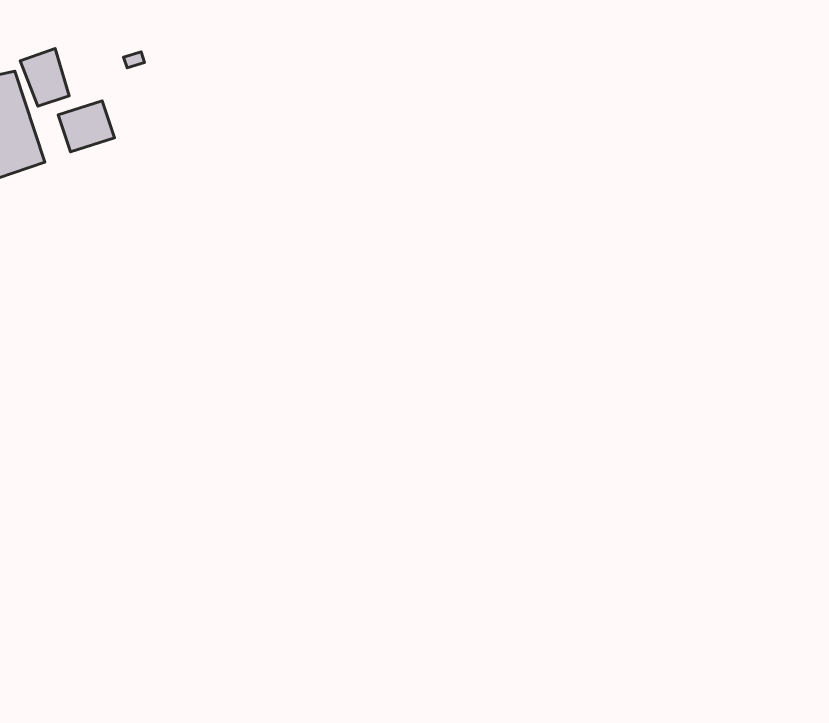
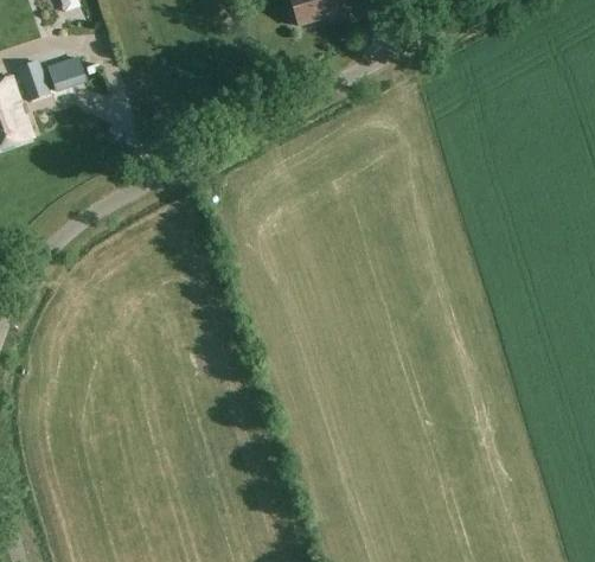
building: [58,101,114,152] -> [47,56,85,90]

